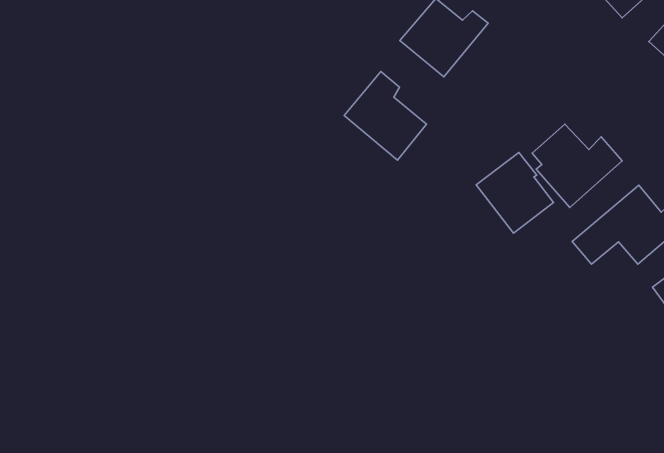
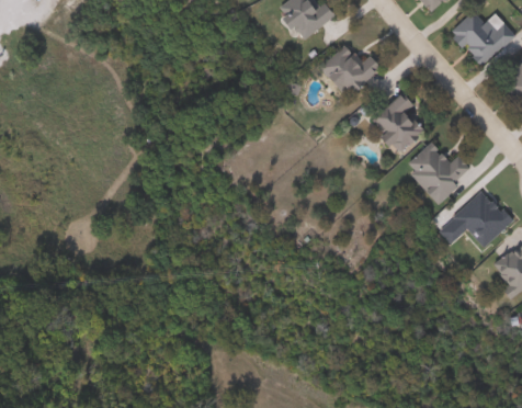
building: [344,71,426,160] -> none
building: [476,152,553,233] -> [371,92,427,151]

